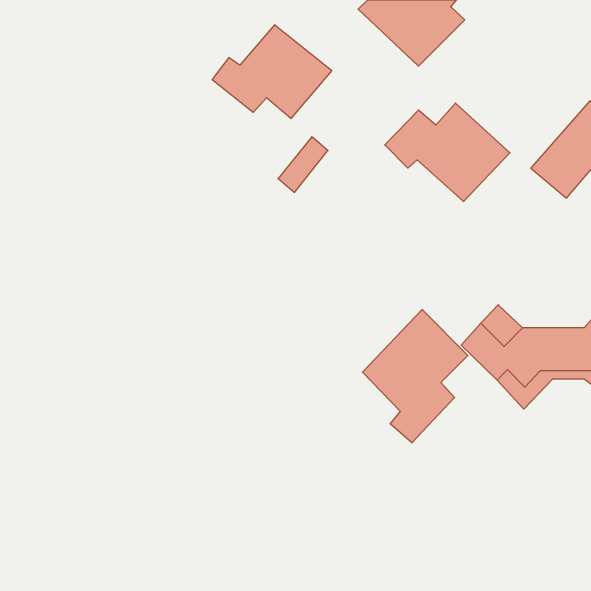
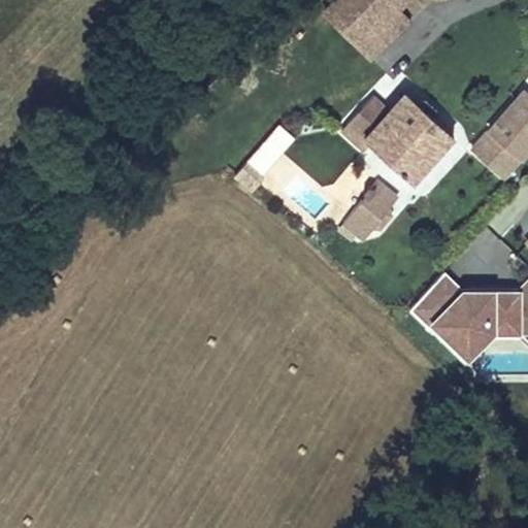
building: [212,25,332,119] -> none
building: none -> [345,184,396,239]
building: [362,309,468,443] -> none

